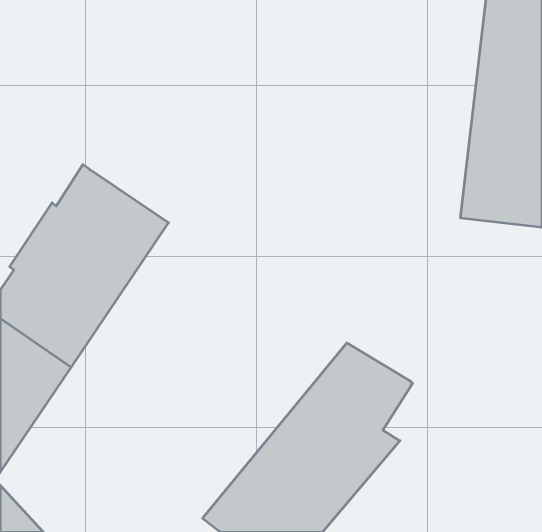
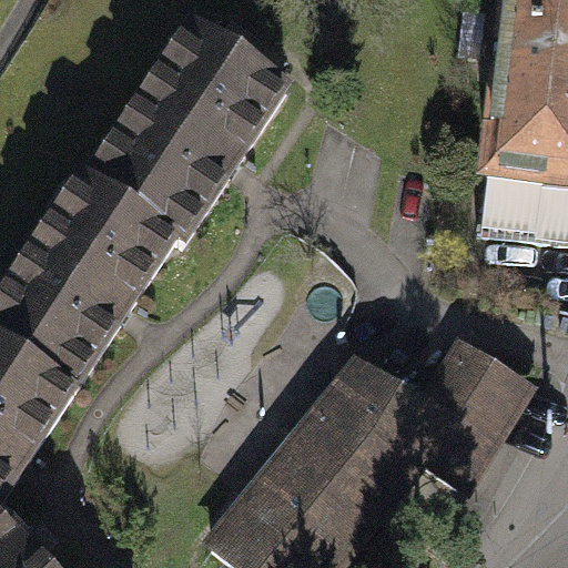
building: none -> [94,24,286,236]
building: none -> [400,341,523,479]

